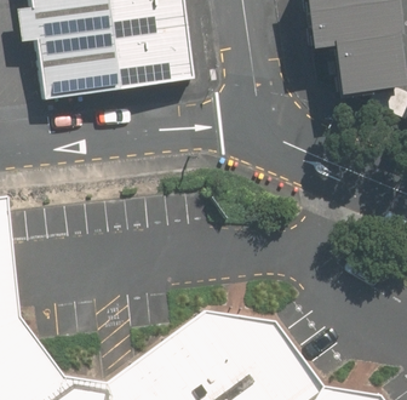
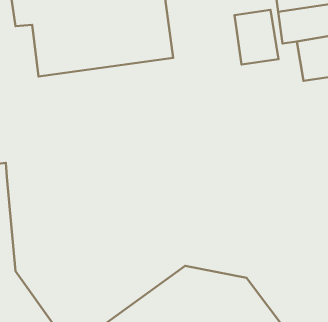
building: none -> [235,10,278,65]

